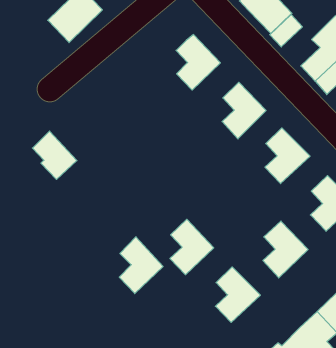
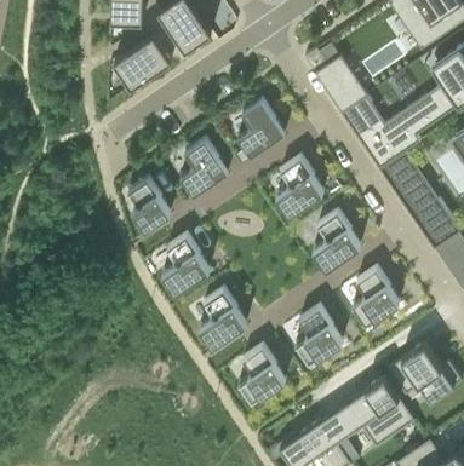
building: none -> [181,138,229,196]
building: [32,131,77,179] -> [128,177,172,228]
building: [119,237,163,294] -> [164,234,211,292]

